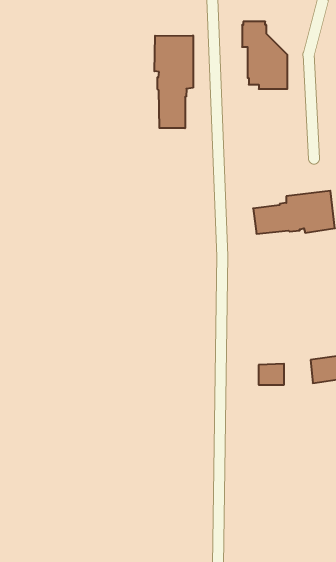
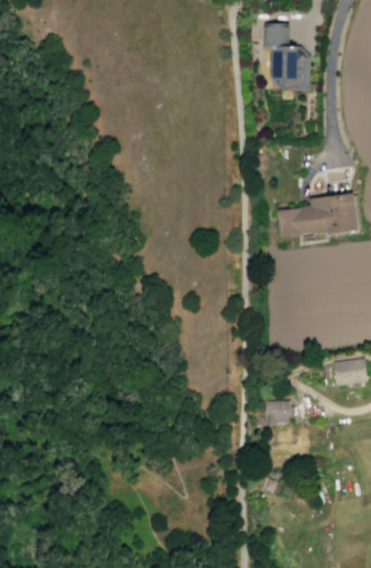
building: [154,35,193,128] -> none
building: [259,364,284,385] -> [265,402,291,423]

